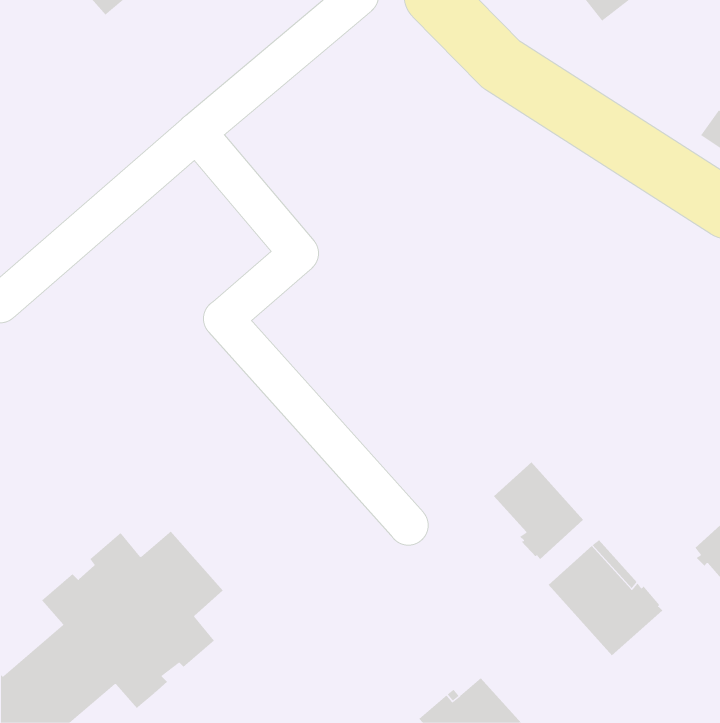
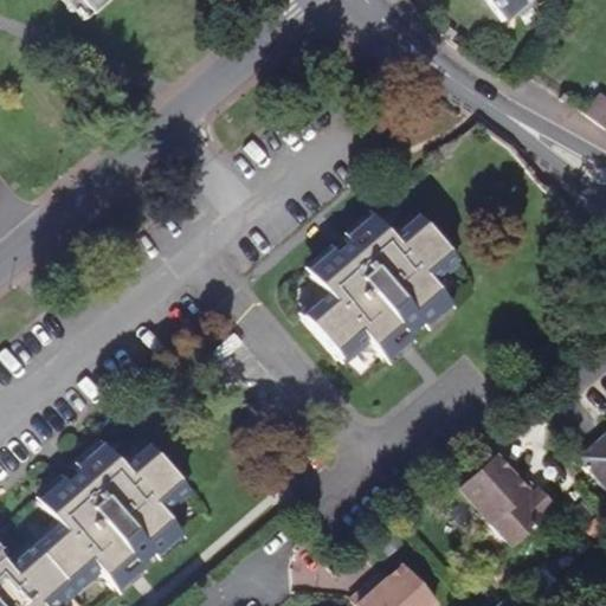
building: none -> [302,212,462,362]
building: [493,462,584,560] -> none

